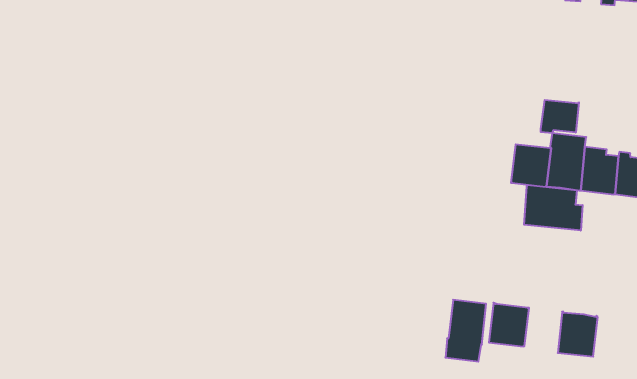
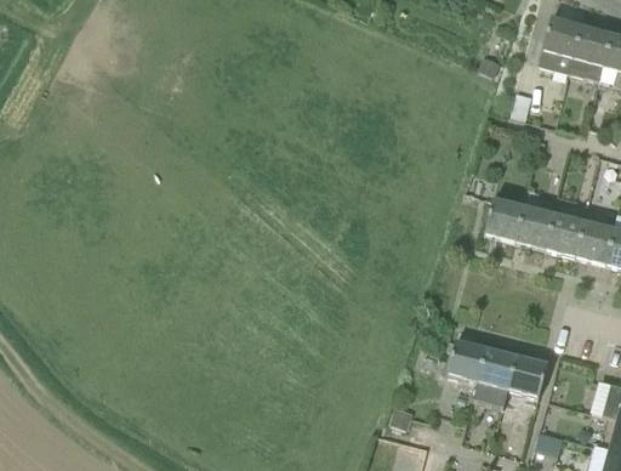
building: [541,100,579,133] -> none
building: [524,185,583,231] -> none
building: [445,300,486,362] -> [474,347,517,405]

